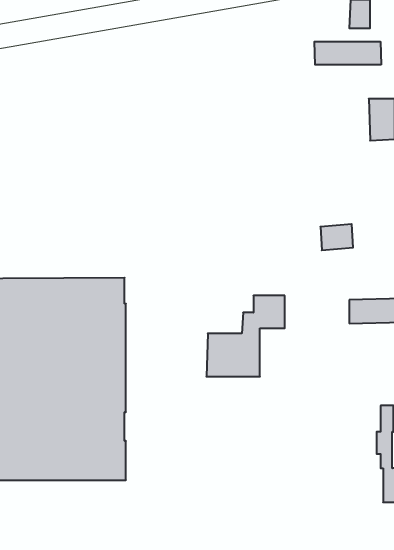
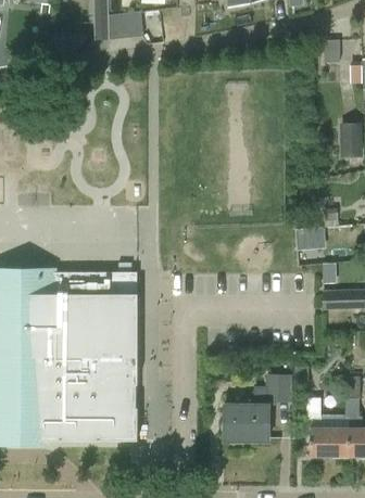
building: [314,42,381,65] -> none
building: [206,296,285,377] -> [226,373,291,440]
building: none -> [306,398,351,457]

